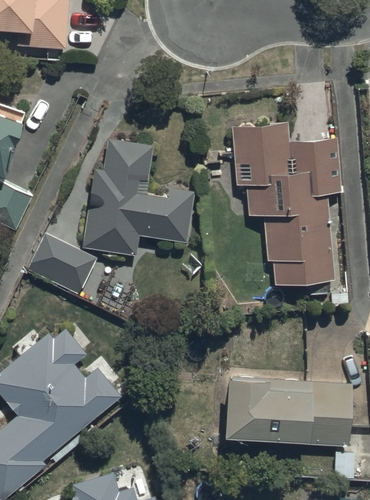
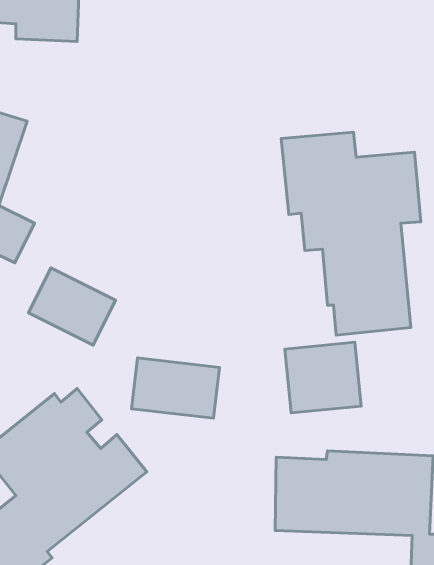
building: [84,139,192,253] -> none
building: none -> [285,342,361,413]
building: none -> [132,358,219,418]

